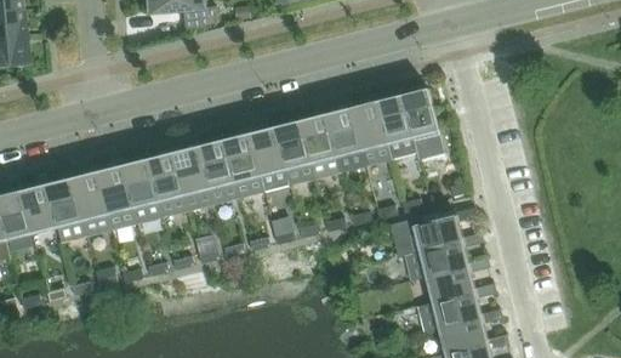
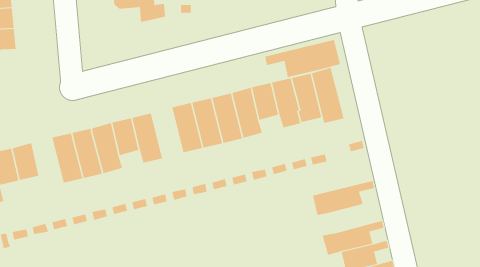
building: none -> [264,39,341,78]
building: [198,138,238,204] -> none
building: [45,177,85,241] -> none
building: [392,206,477,252] -> none
building: [426,257,489,299] -> none

